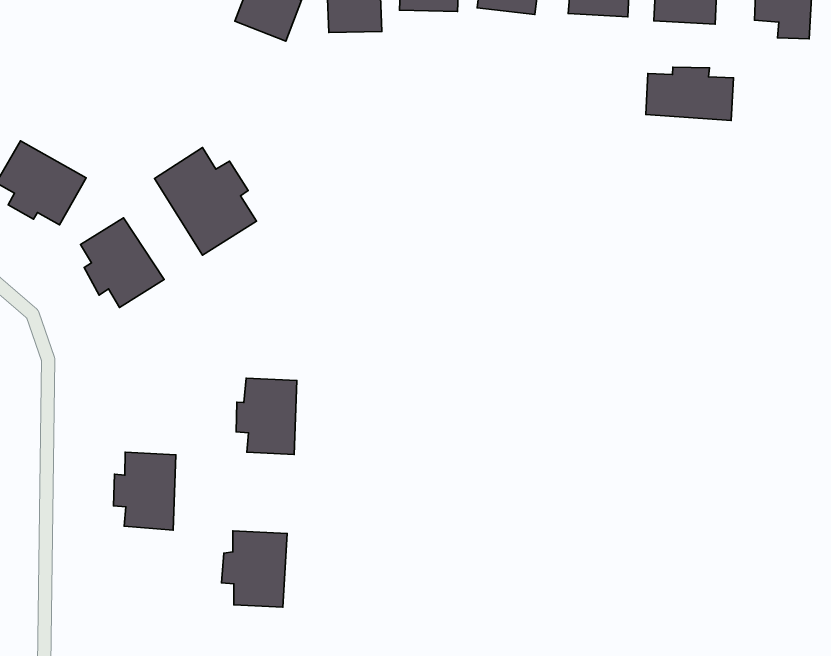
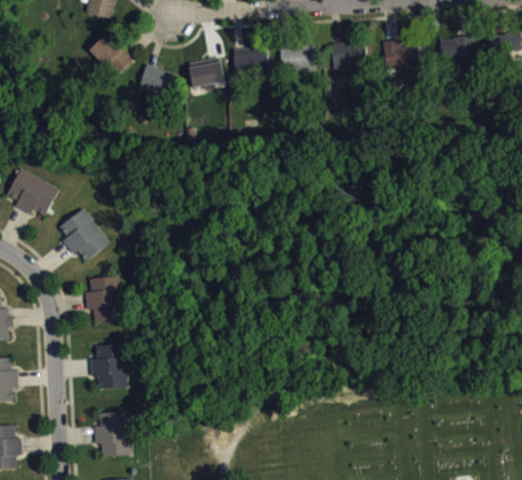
building: [646,67,733,121] -> none
building: [154,147,256,255] -> none
building: [236,378,297,454] -> [85,277,121,321]
building: [221,531,287,607] -> [94,412,131,456]

